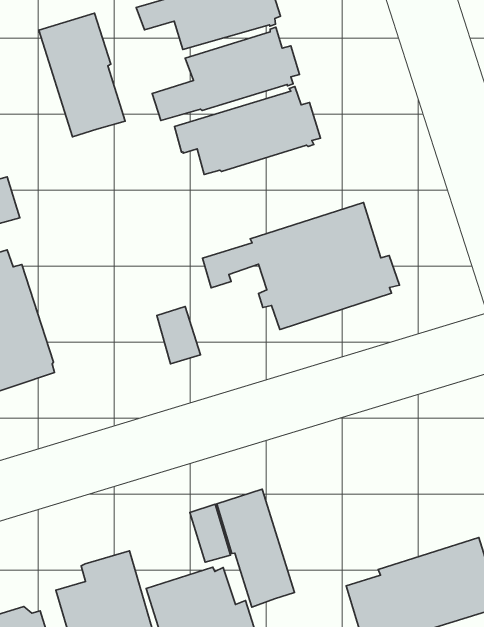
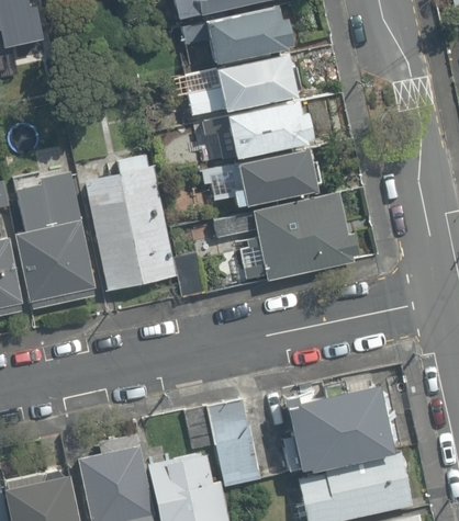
building: [39,13,125,137] -> none
building: none -> [208,147,322,205]
building: none -> [85,155,176,291]
building: none -> [282,382,391,471]

